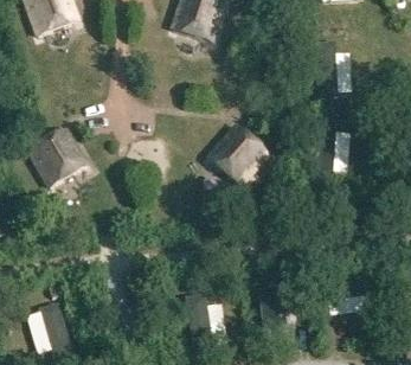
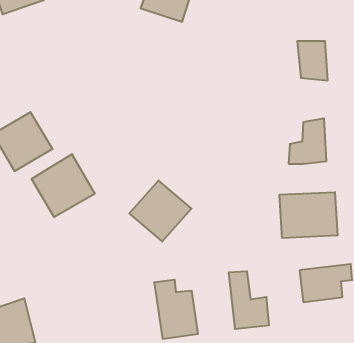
building: [208,123,269,183] -> [129,180,192,242]
building: none -> [32,154,95,217]
building: none -> [280,192,337,238]

